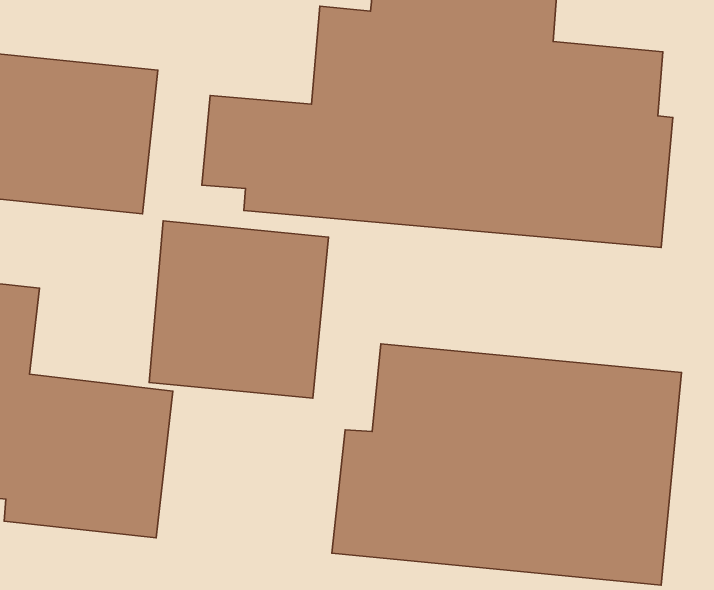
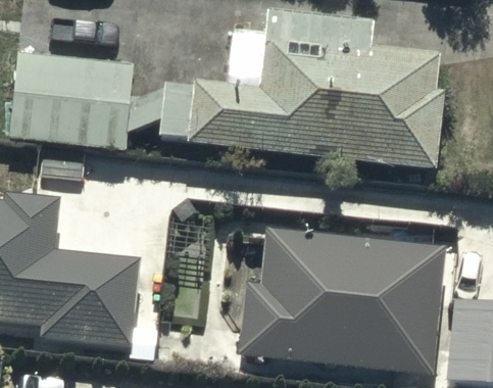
building: [149,221,328,398] -> none

